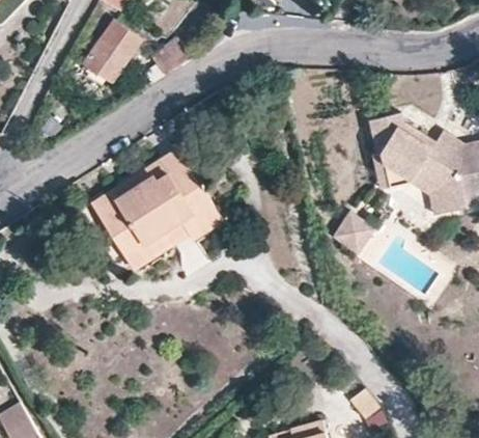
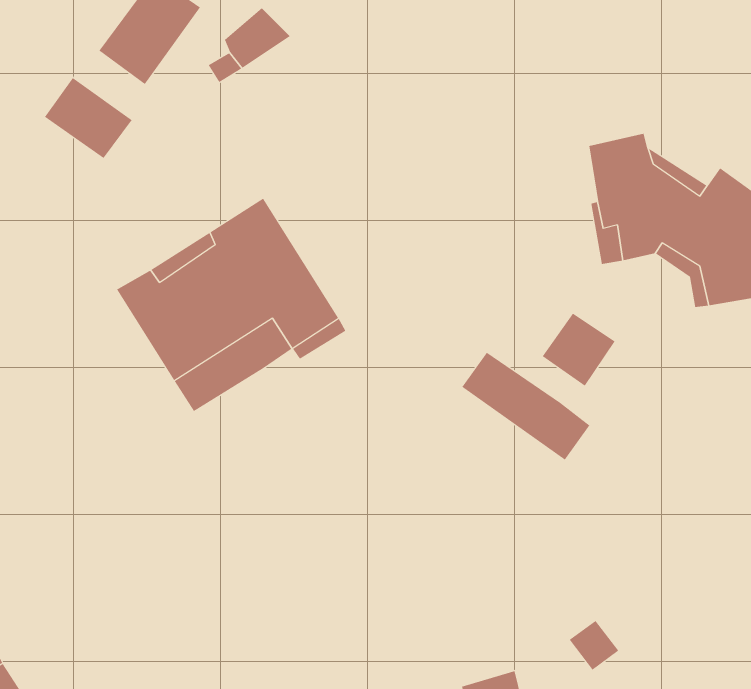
building: none -> [44,77,132,159]
building: none -> [462,352,590,460]

